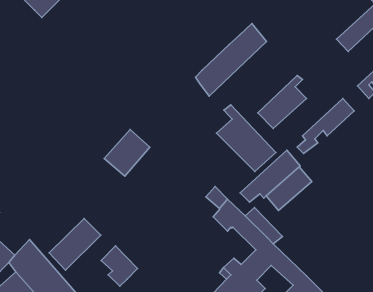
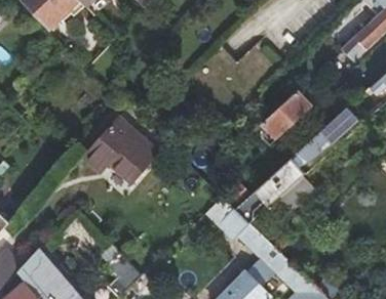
building: [195,24,266,96] -> none
building: [217,105,276,172] -> none
building: none -> [82,120,136,172]
building: [49,219,101,270] -> none

